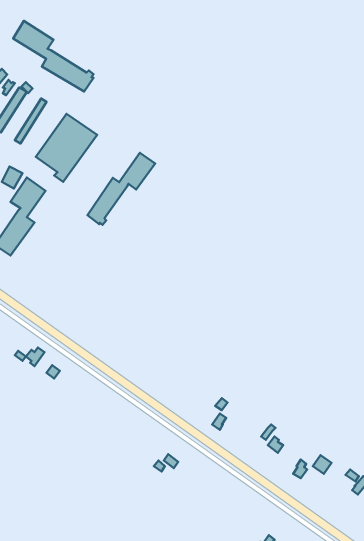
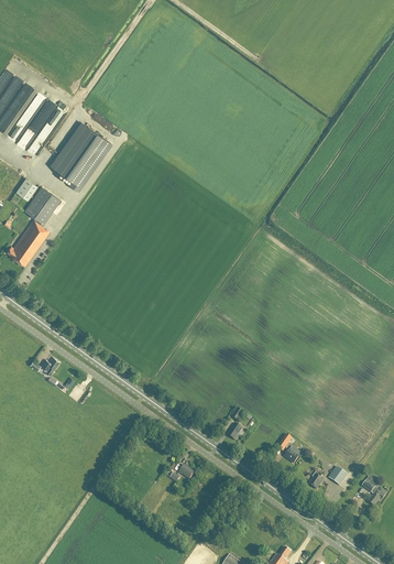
building: [13,21,94,92] -> none
building: [87,153,155,225] -> none

